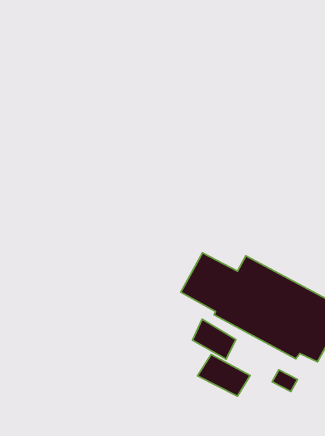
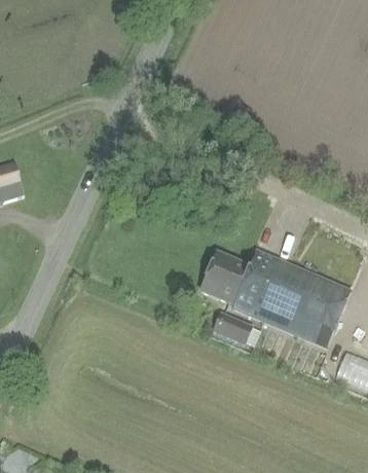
building: [197,354,250,396] -> none

